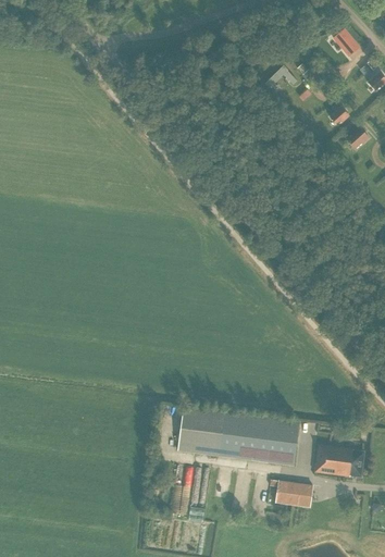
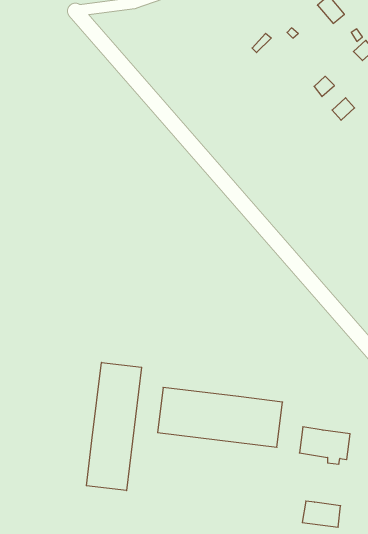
building: none -> [86,362,142,491]
building: [275,481,312,506] -> [302,501,341,527]

